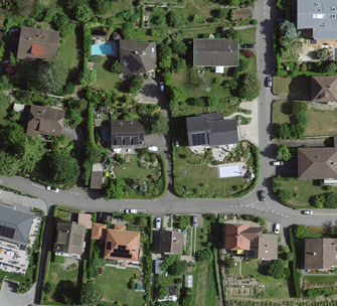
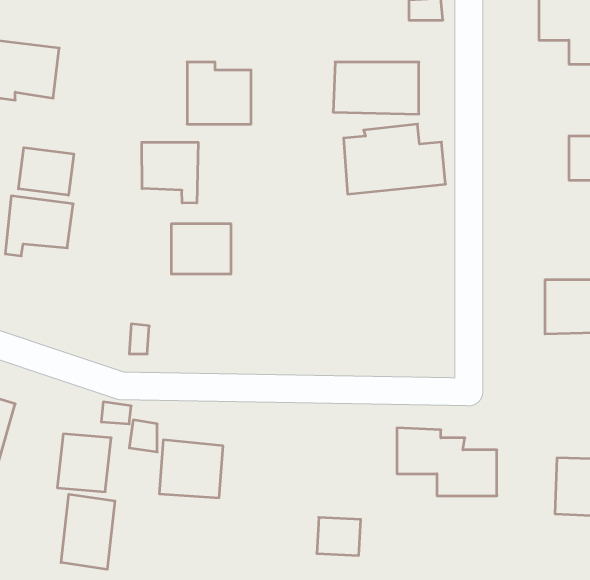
building: none -> [142,142,198,203]
building: none -> [18,148,74,195]
building: [185,112,236,147] -> [344,124,446,194]
building: [160,232,182,251] -> [317,517,361,555]
building: none -> [61,494,115,569]

